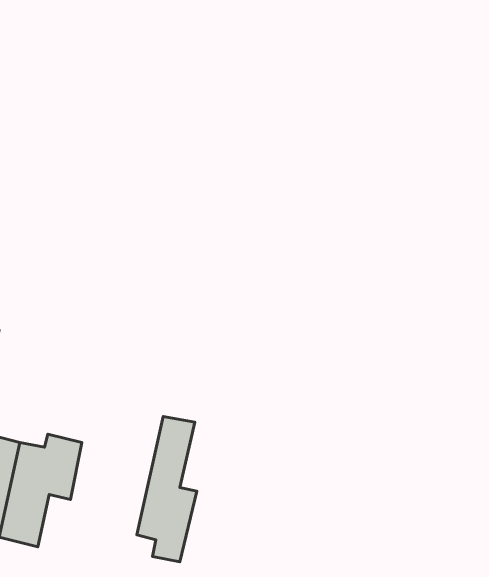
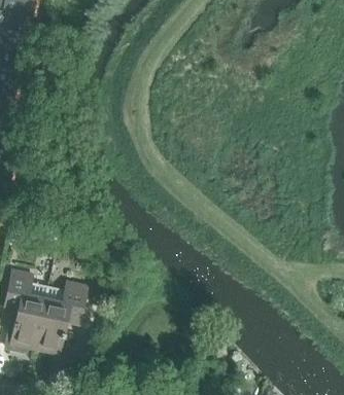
building: [137,417,197,562] -> none

